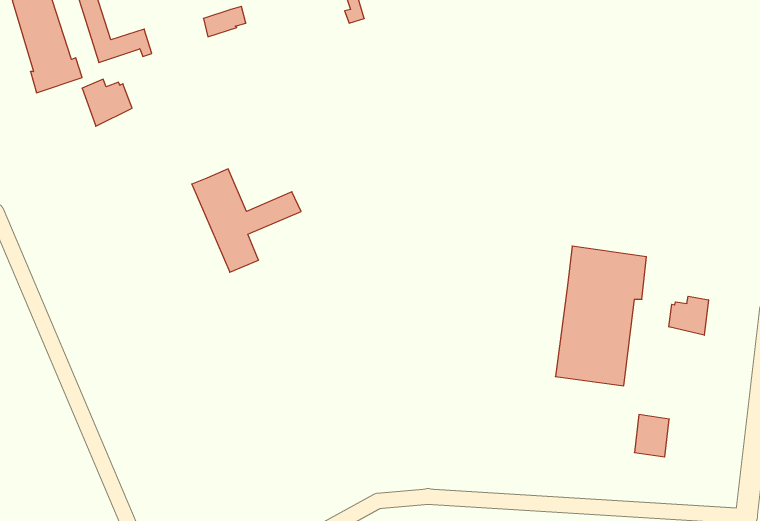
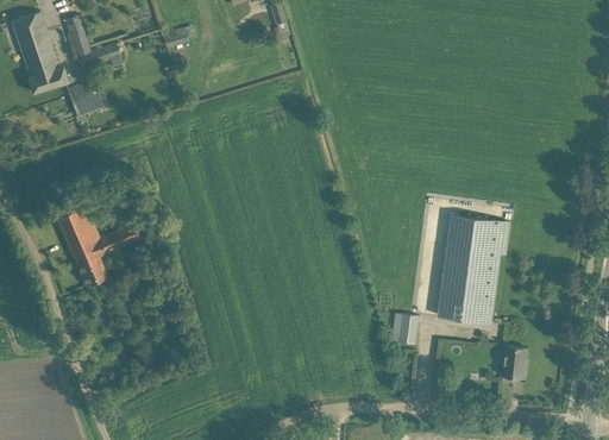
building: [192,169,301,272] -> [55,205,140,285]
building: [669,296,708,335] -> none
building: none -> [391,313,419,344]

